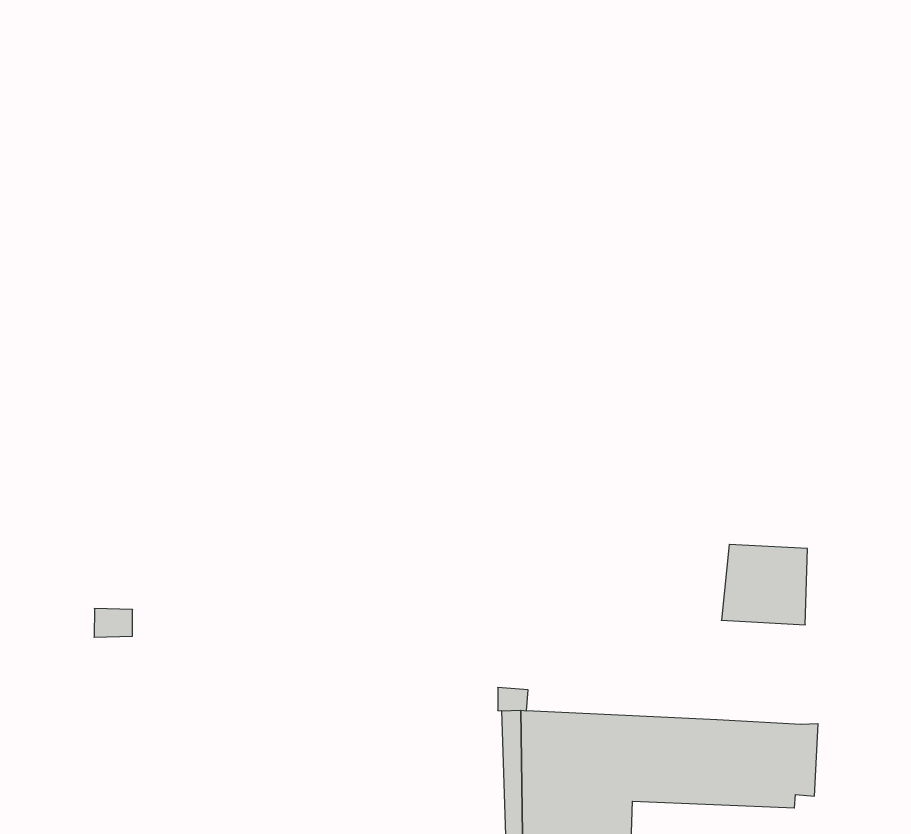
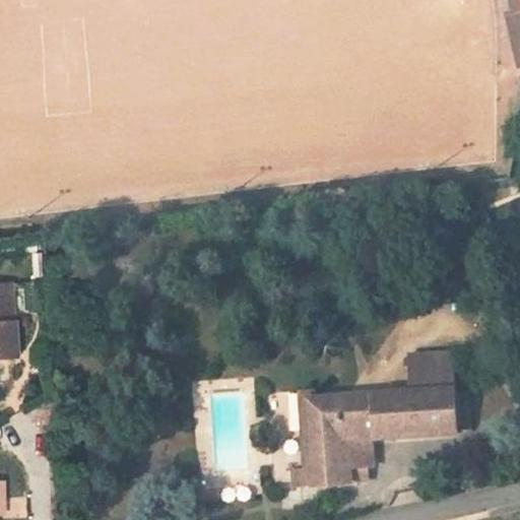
building: [721,544,807,625] -> [410,350,455,392]

